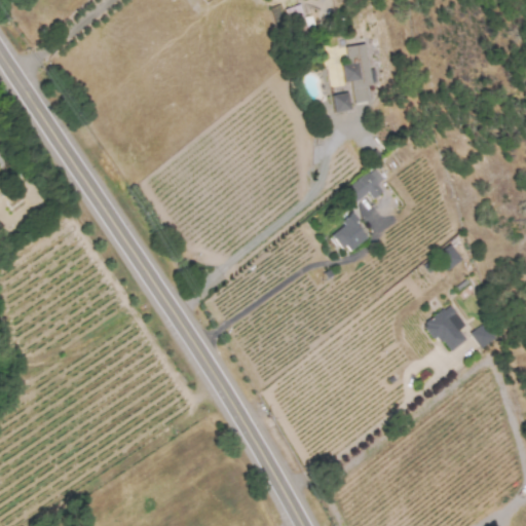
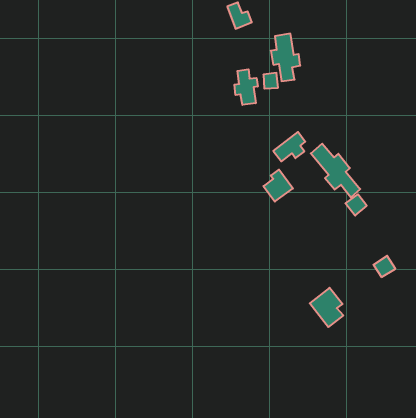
building: none -> [234,69,258,105]
building: none -> [311,144,360,198]
building: [426,303,468,352] -> [310,288,343,327]

